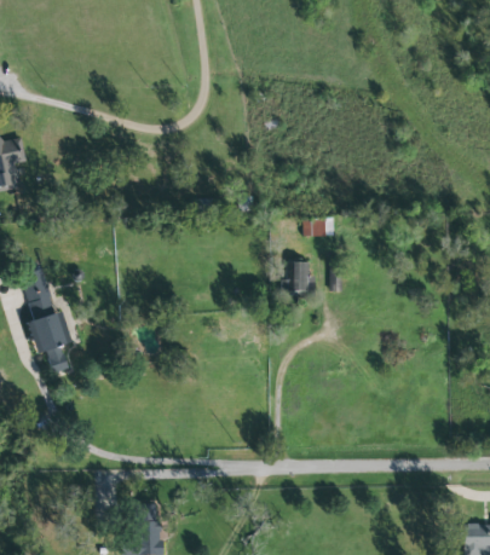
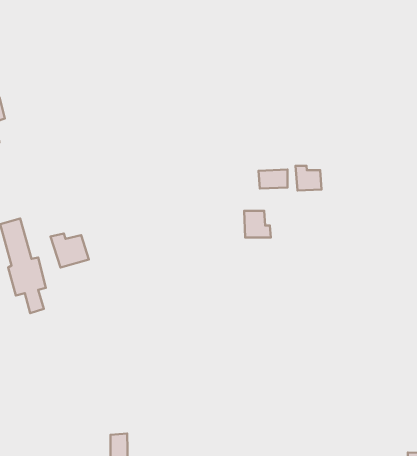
building: none -> [296,166,322,190]
building: none -> [51,234,89,267]

